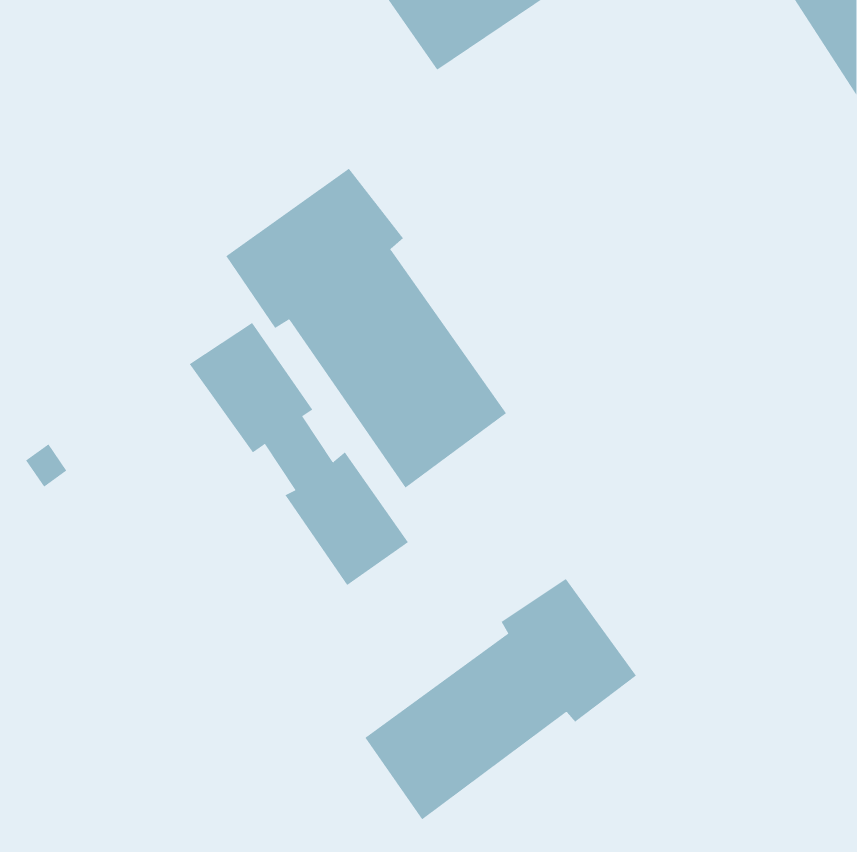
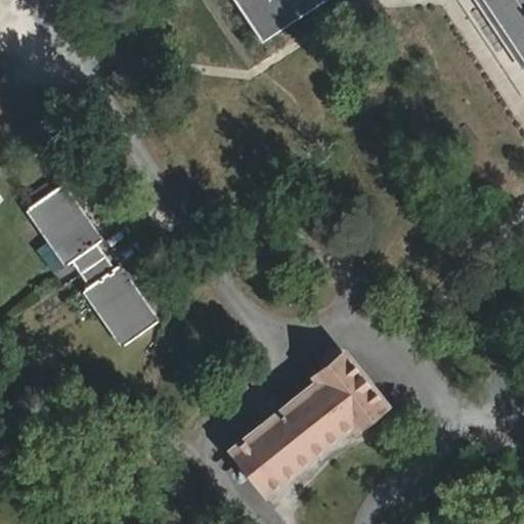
building: [226,168,507,488] -> none
building: [189,322,409,586] -> [29,188,163,349]

